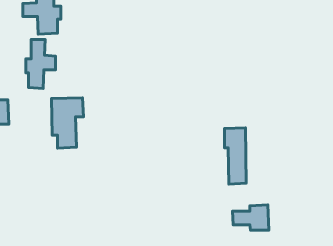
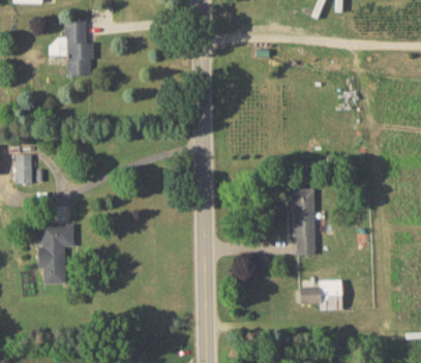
building: [26,40,55,88] -> none
building: [51,98,83,148] -> [36,223,74,283]

